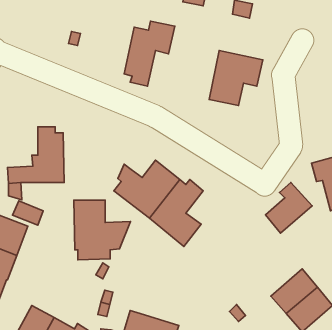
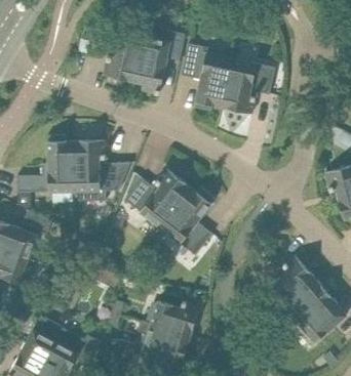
building: none -> [104,30,145,82]
building: none -> [181,44,231,112]
building: [265,183,312,233] -> [268,255,315,306]
building: [74,200,130,260] -> [73,140,130,201]
building: none -> [151,301,199,336]

